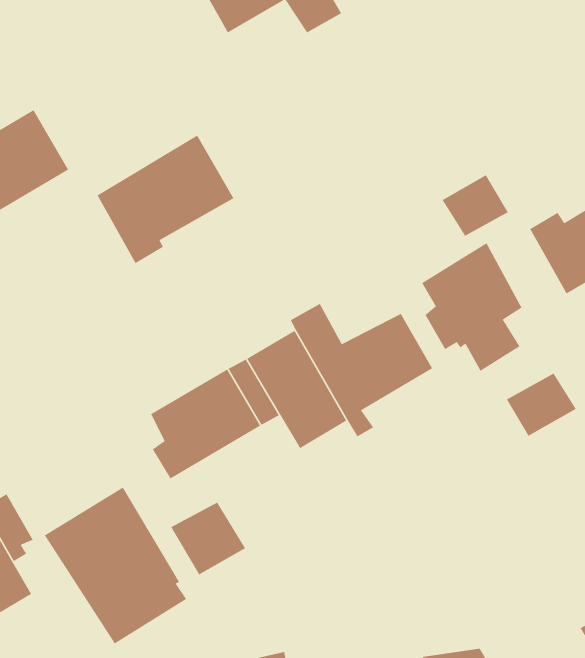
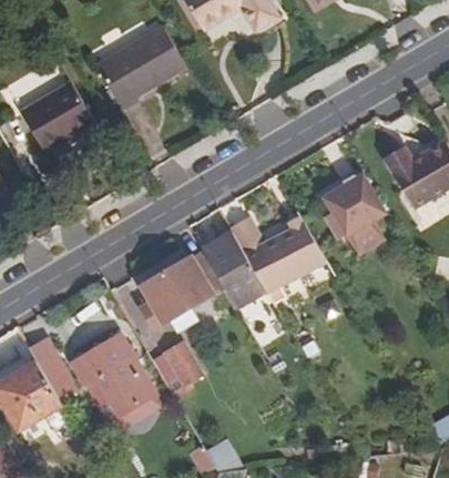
building: [96,135,235,264] -> [86,28,177,113]
building: [442,174,509,237] -> none
building: [506,373,577,437] -> none

